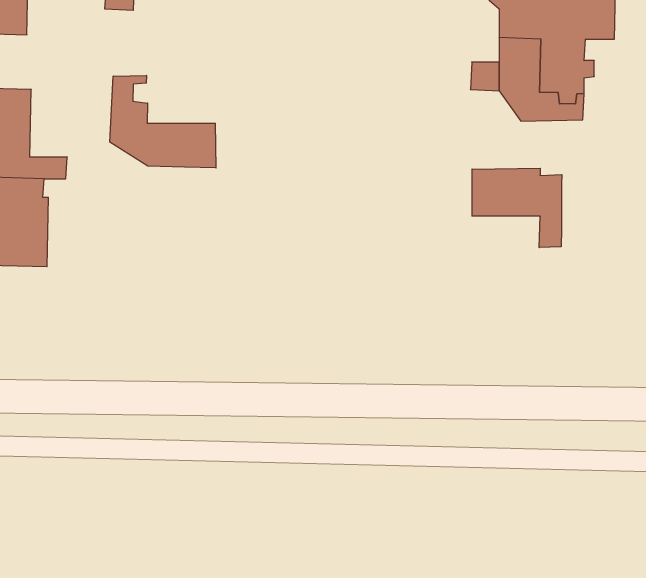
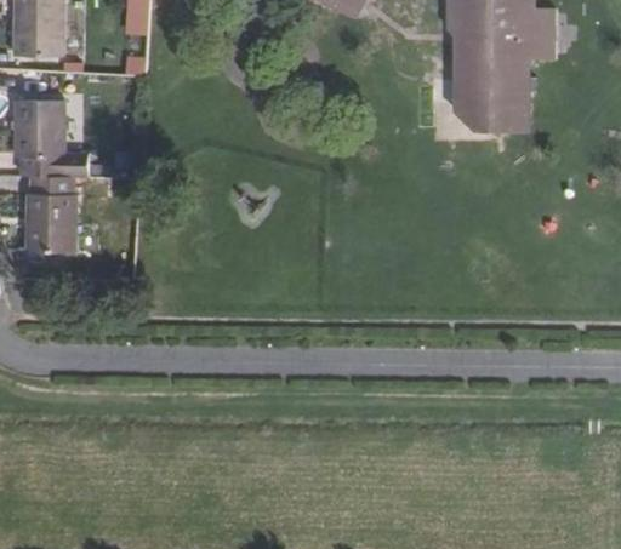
building: [110,75,216,168] -> none
building: [472,168,562,248] -> none

